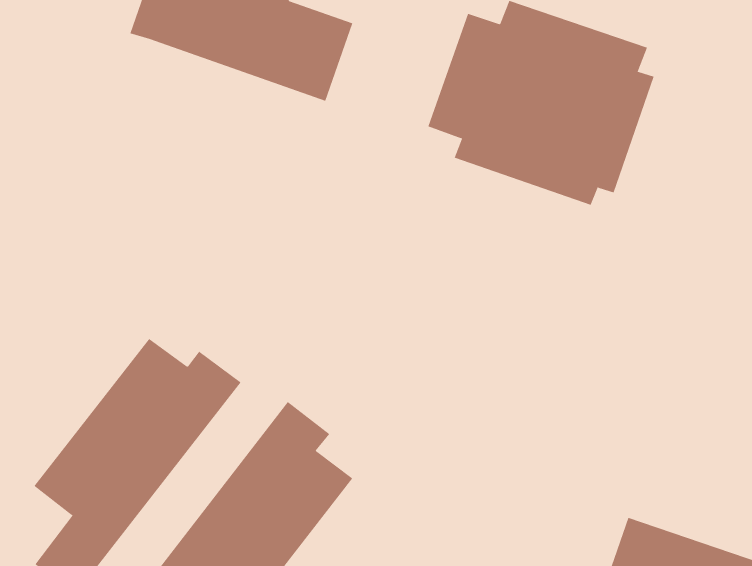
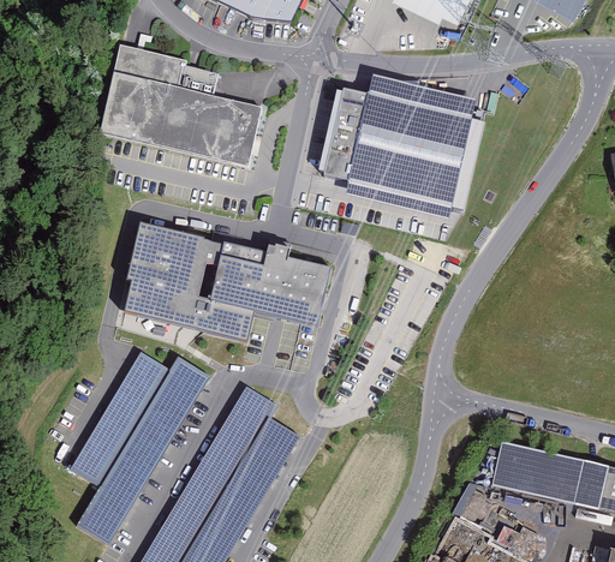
building: none -> [124,225,330,341]

